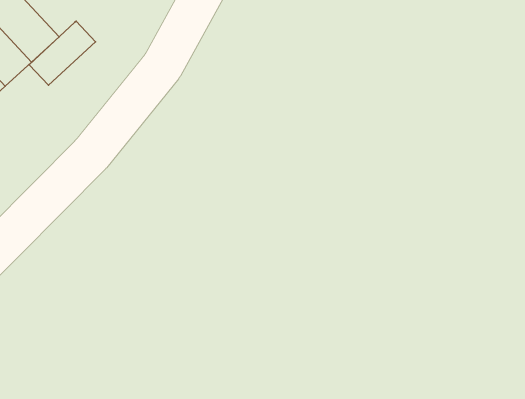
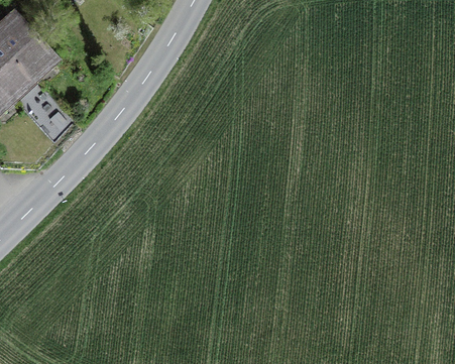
building: [29,21,96,85] -> none

